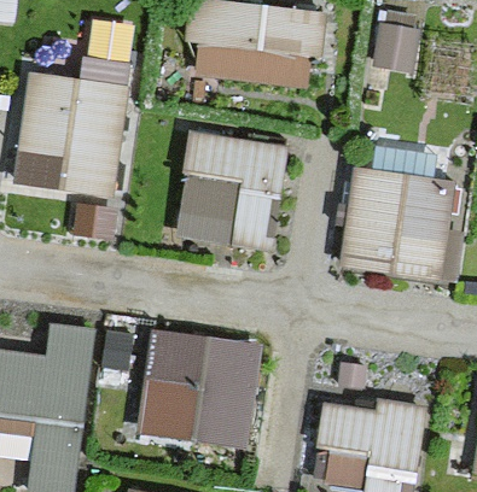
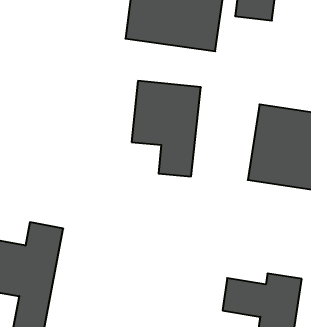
building: [45,62,141,191] -> none
building: [164,329,271,444] -> none

